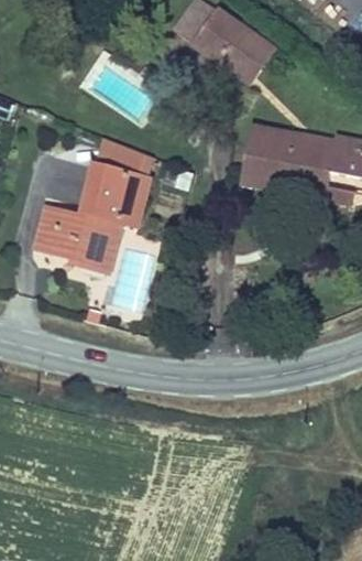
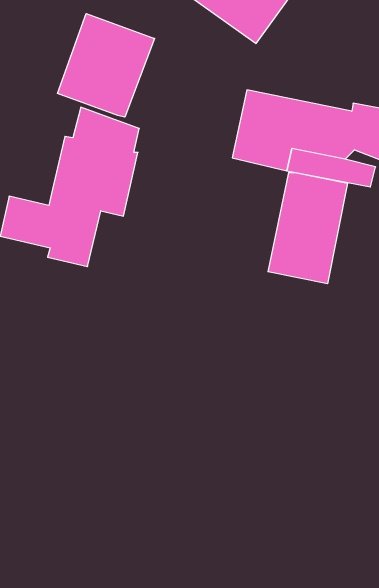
building: none -> [57,14,155,117]
building: none -> [268,172,347,284]

